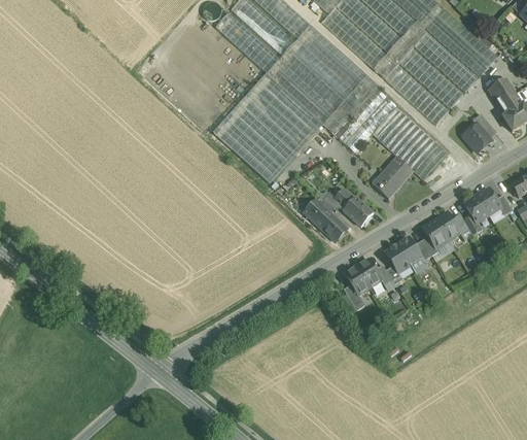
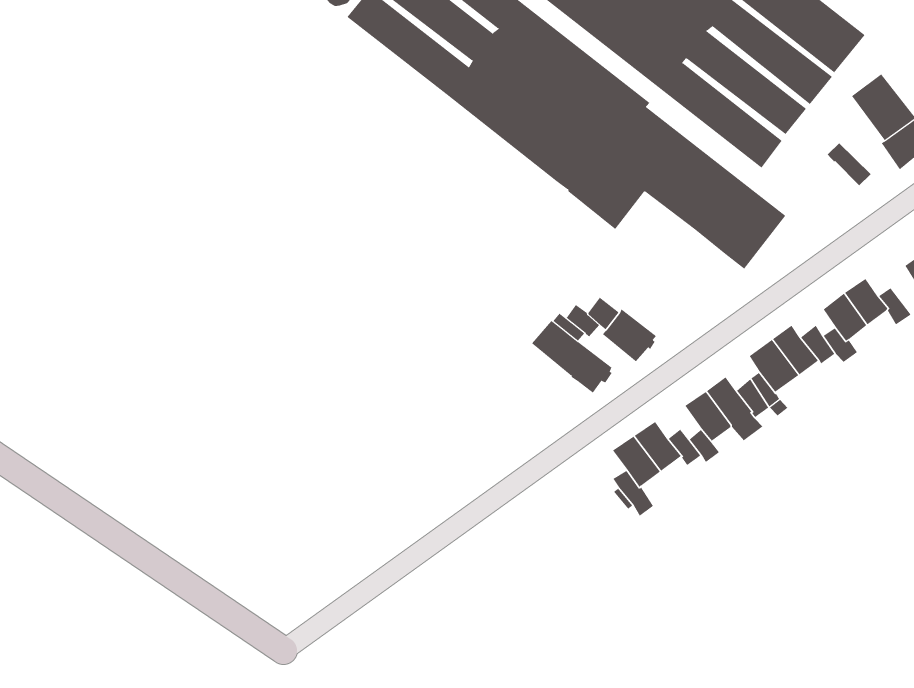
building: [213,72,323,182] -> none
building: [463,124,491,153] -> none
building: [372,156,413,198] -> none

